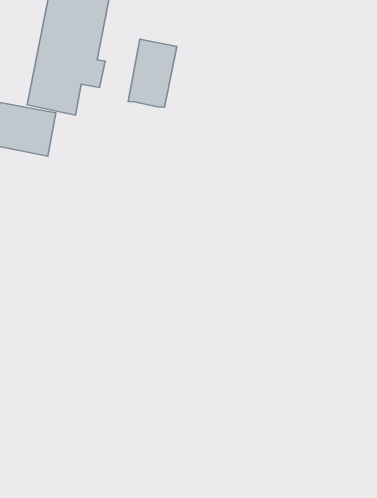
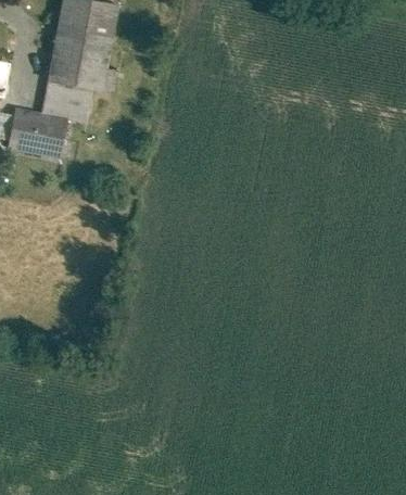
building: [128,39,177,107] -> none

